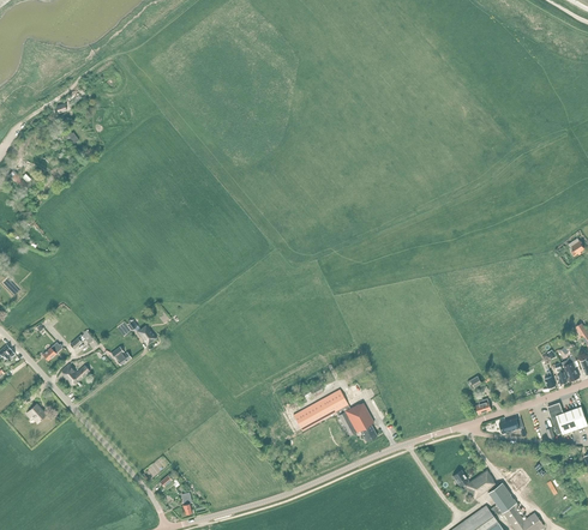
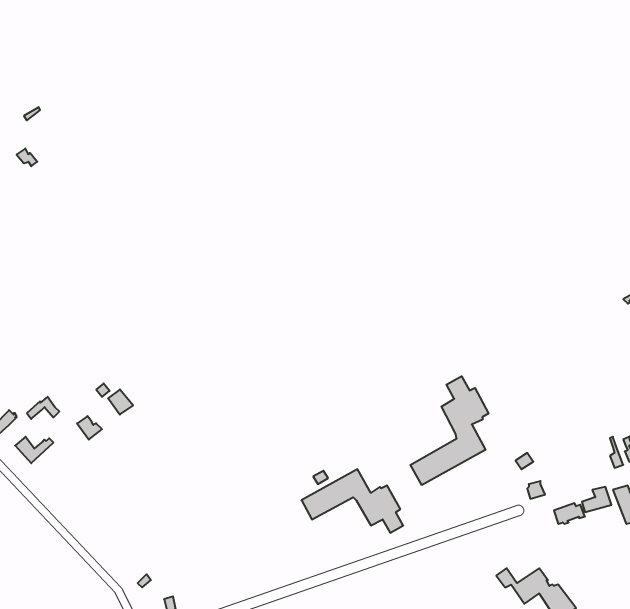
building: none -> [410,376,489,485]

